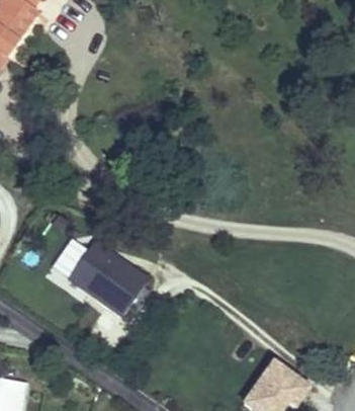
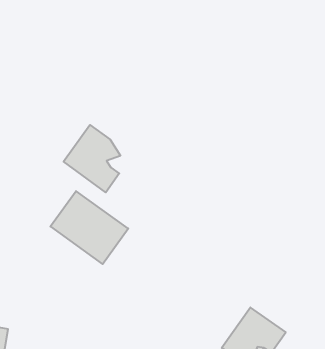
building: none -> [64,125,120,192]

